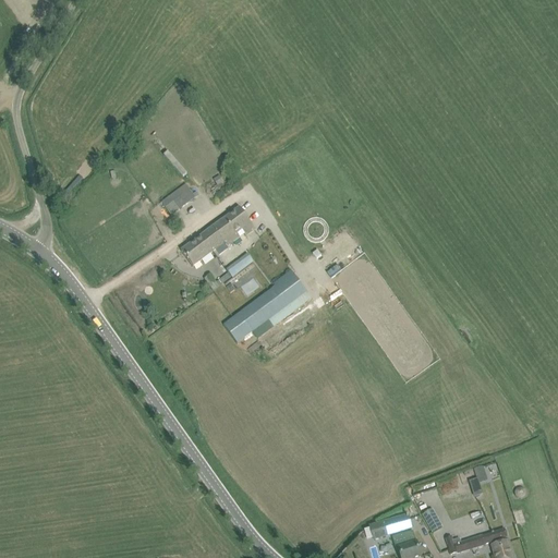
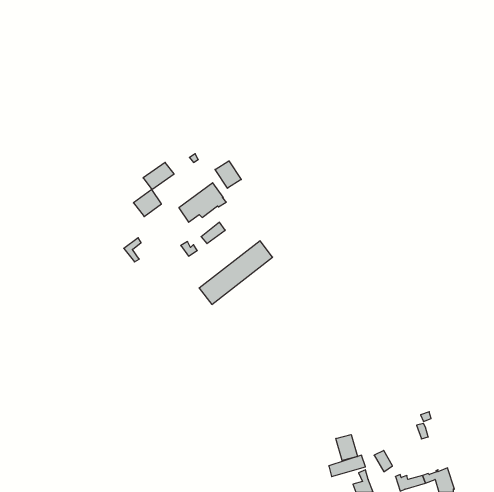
building: none -> [215,161,241,188]
building: [181,234,213,265] -> [133,189,161,217]
building: none -> [336,435,357,461]

